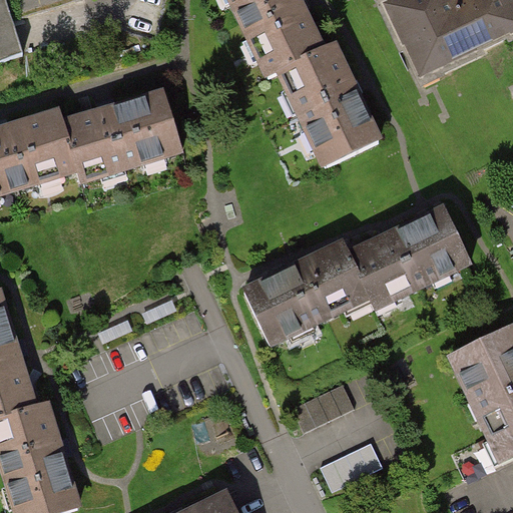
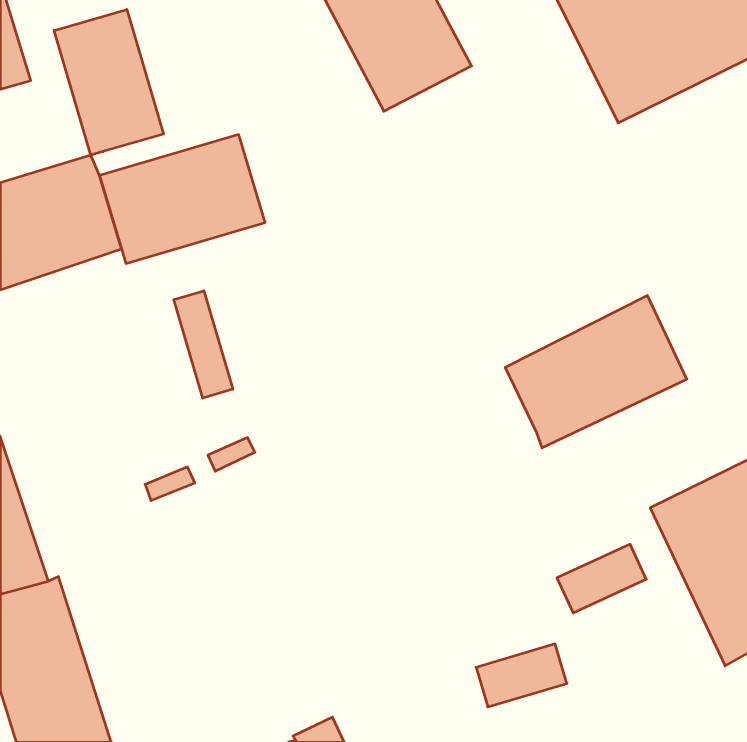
building: none -> [54,9,164,155]
building: [264,41,387,183] -> none
building: none -> [174,291,233,398]
building: [245,239,368,342] -> none
building: [300,380,361,427] -> [557,544,646,613]

